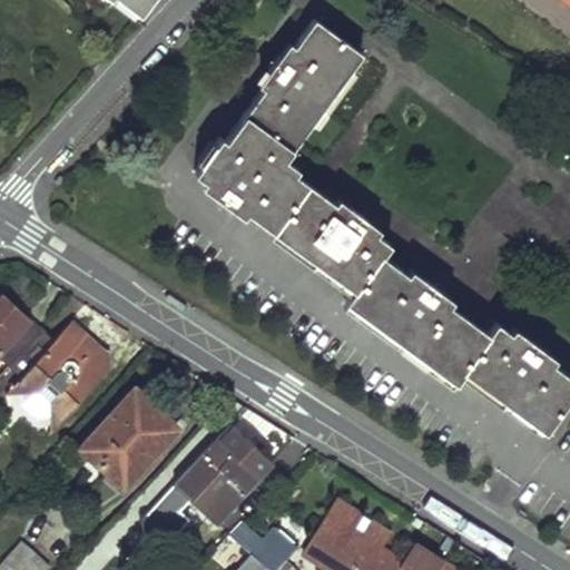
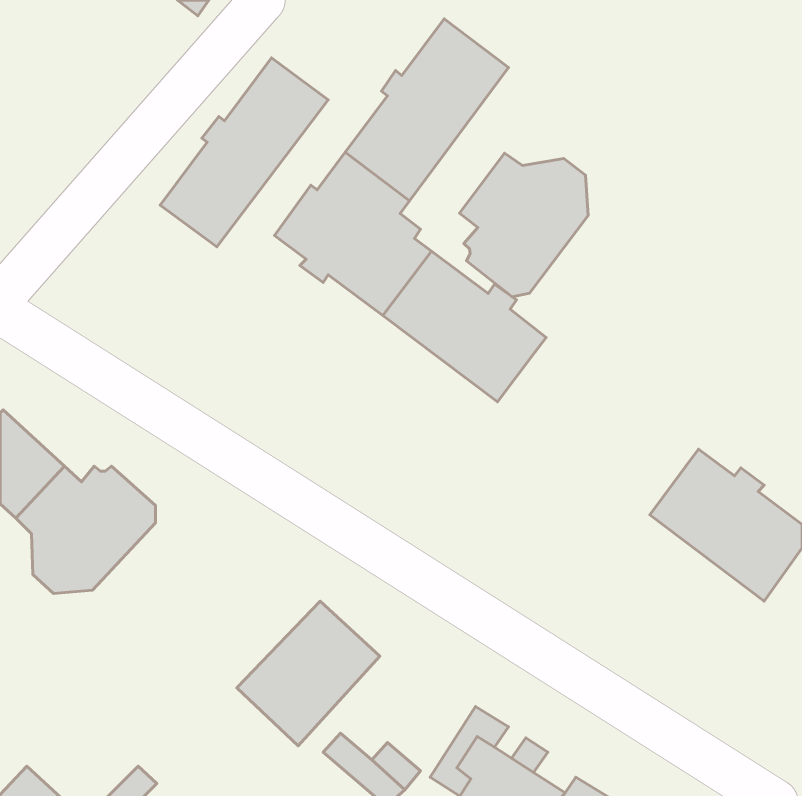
building: none -> [160,58,328,247]
building: none -> [460,153,588,297]
building: [344,254,487,381] -> none
building: [87,395,177,491] -> none

